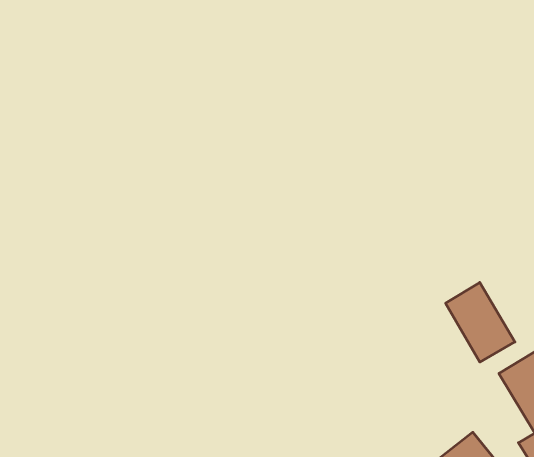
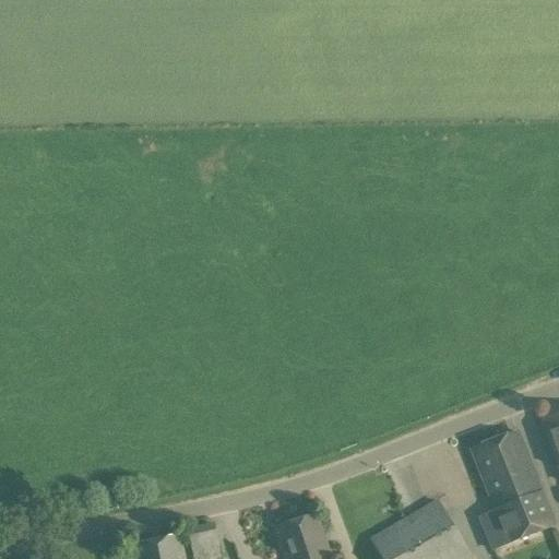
building: [446,282,515,362] -> none

